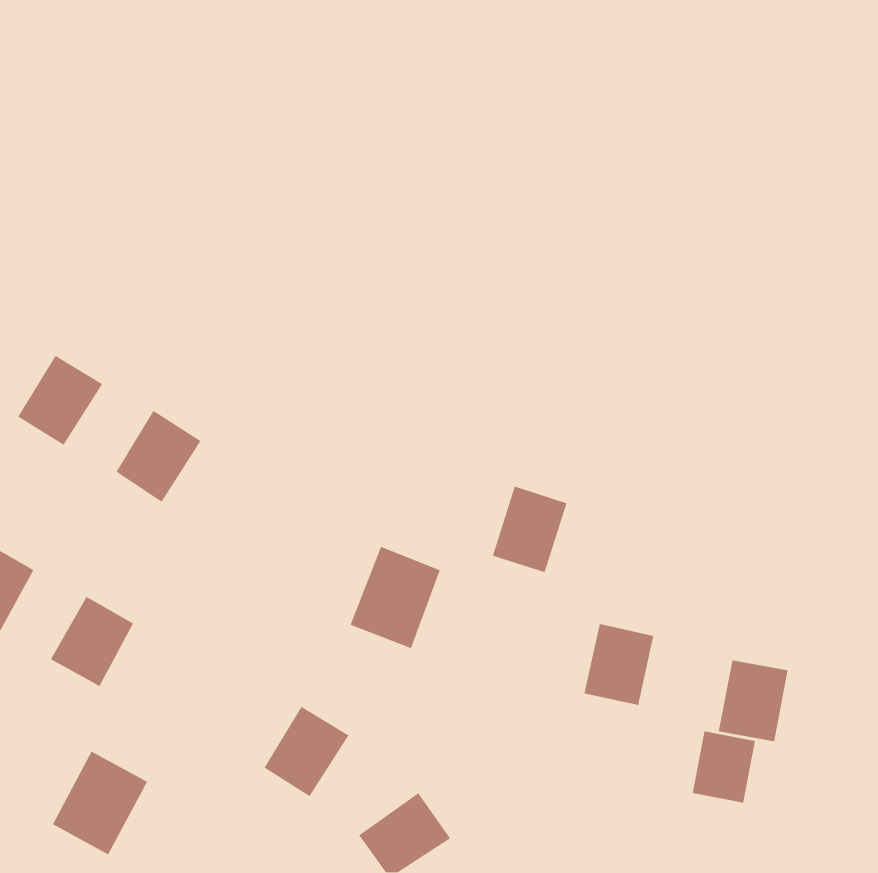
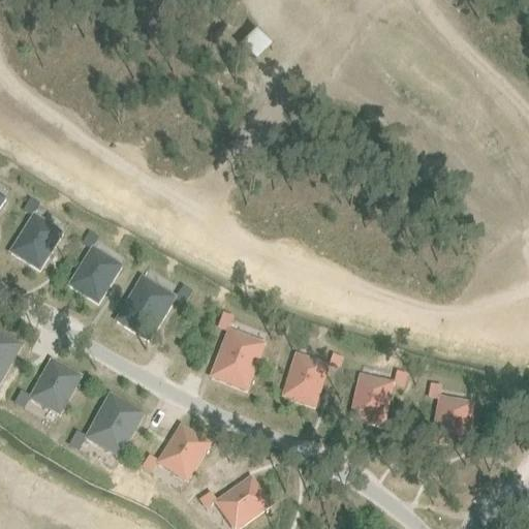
building: none -> [116,275,175,339]
building: [492,485,567,573] -> [282,352,328,405]
building: [692,730,756,804] -> none
building: [52,750,148,855] -> [86,392,144,455]

